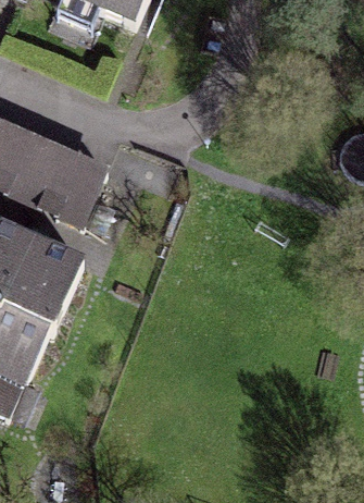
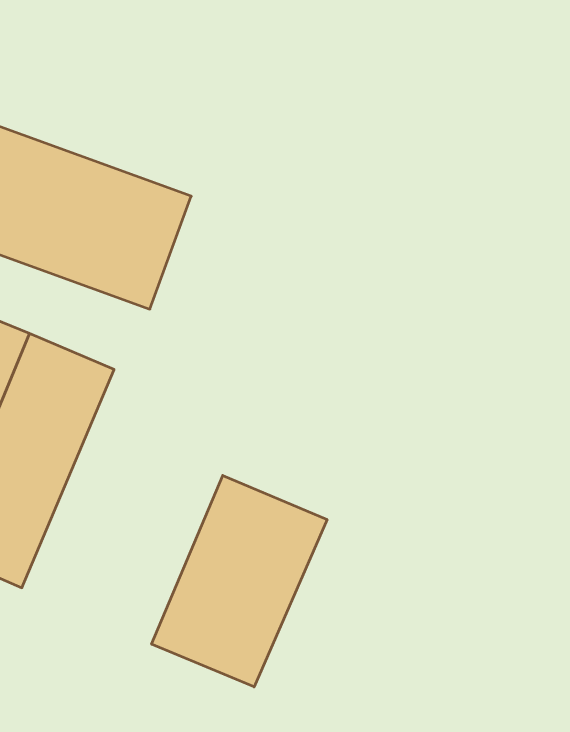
building: none -> [152,475,327,687]

